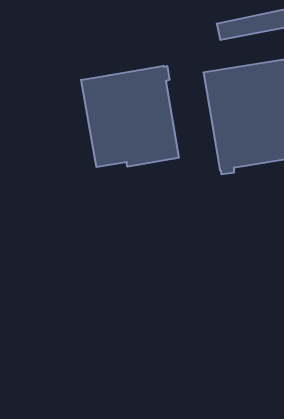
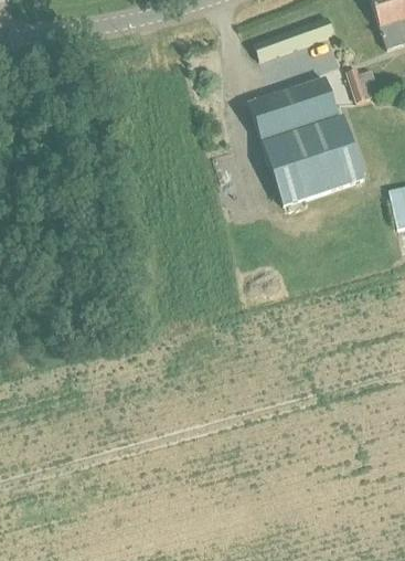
building: [81,66,179,167] -> none

